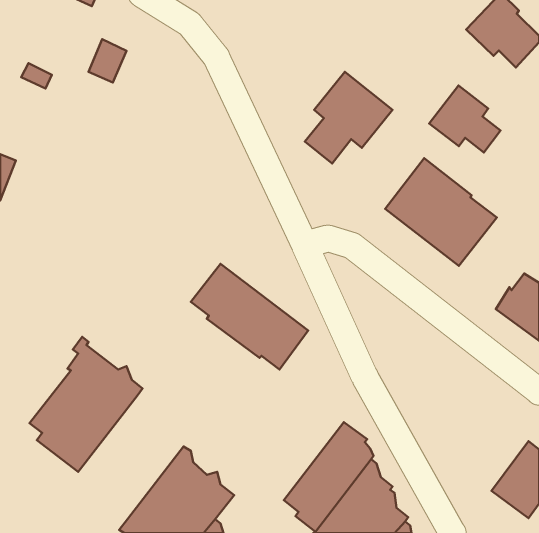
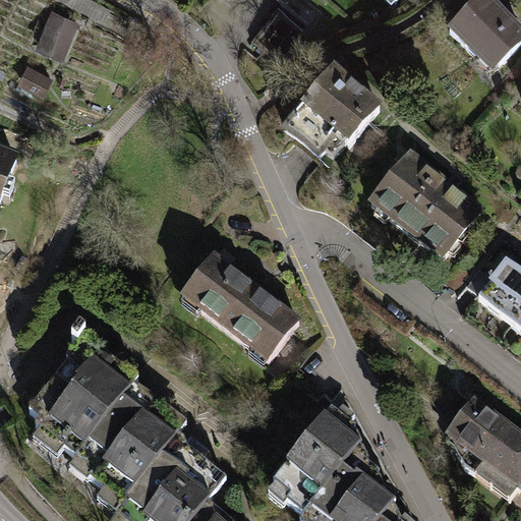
building: [89,39,127,82] -> [39,5,75,47]
building: [429,86,501,152] -> none
building: none -> [75,382,180,501]
building: none -> [447,398,510,473]

